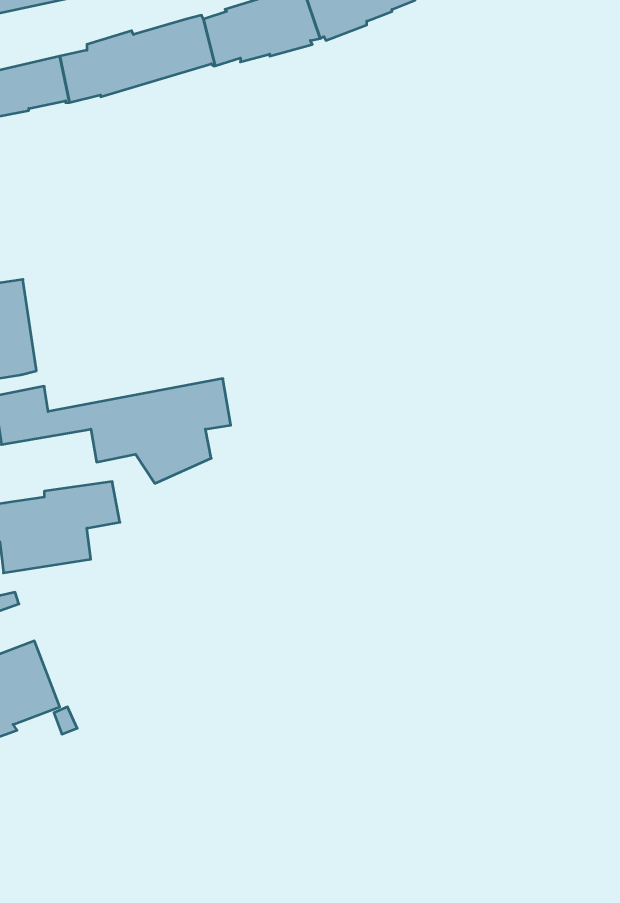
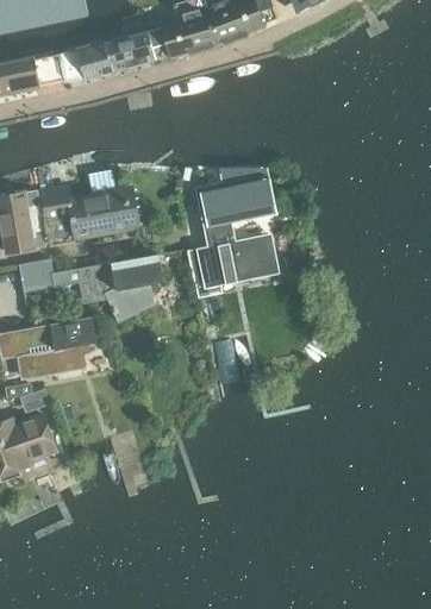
building: none -> [38,170,135,237]
building: none -> [192,170,268,288]

